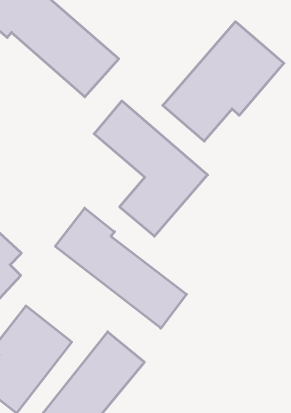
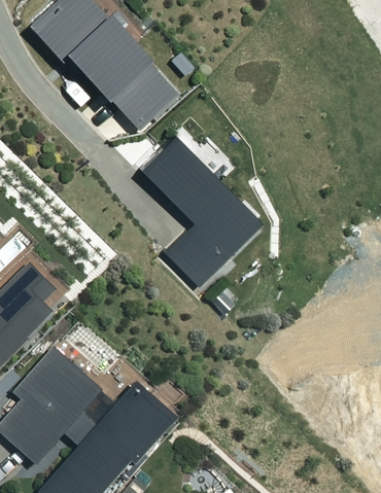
building: [163,22,284,141] -> none
building: [55,208,187,328] -> none

